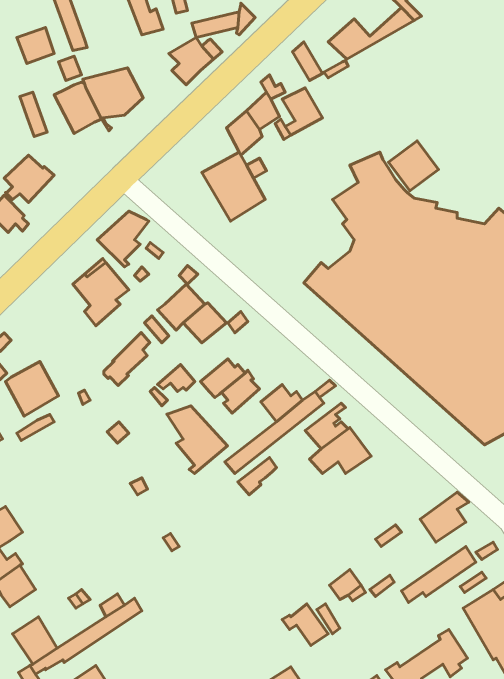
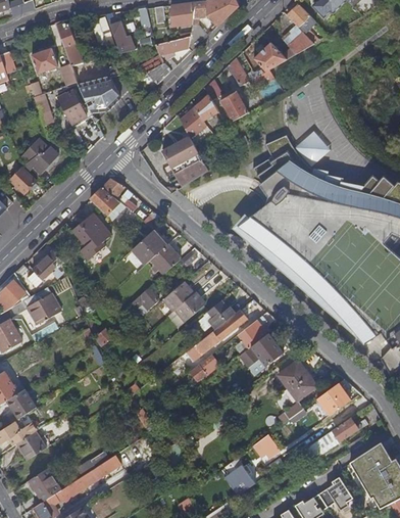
building: [104,333,150,386] -> [24,250,57,288]
building: [167,406,227,474] -> none
building: none -> [278,360,317,401]

